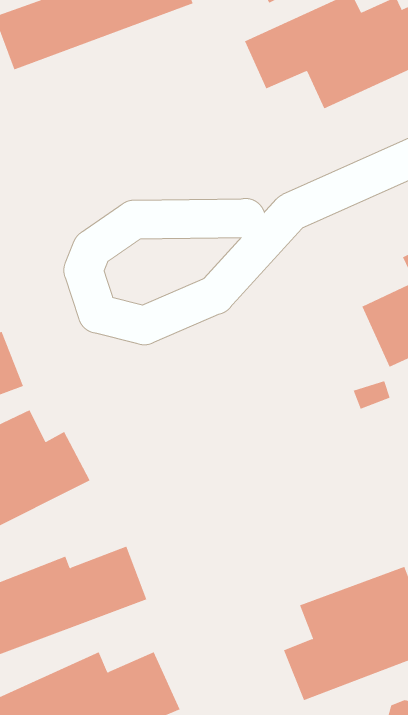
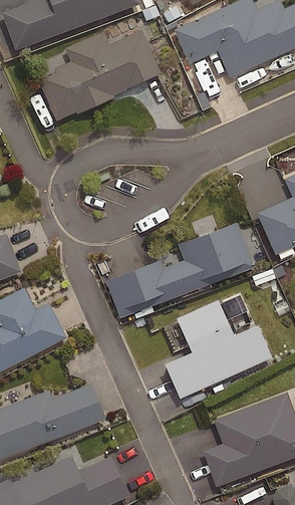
building: none -> [38,30,161,121]
building: none -> [106,224,253,318]
building: none -> [164,302,273,402]

